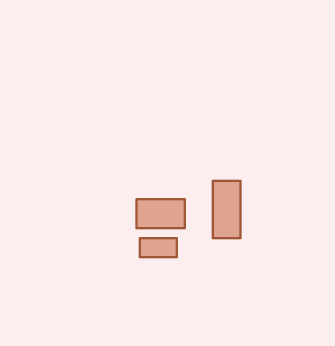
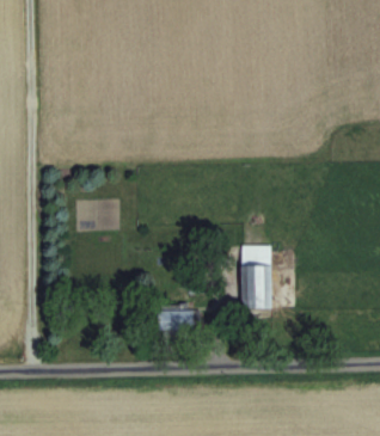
building: [137,199,185,228] -> none

